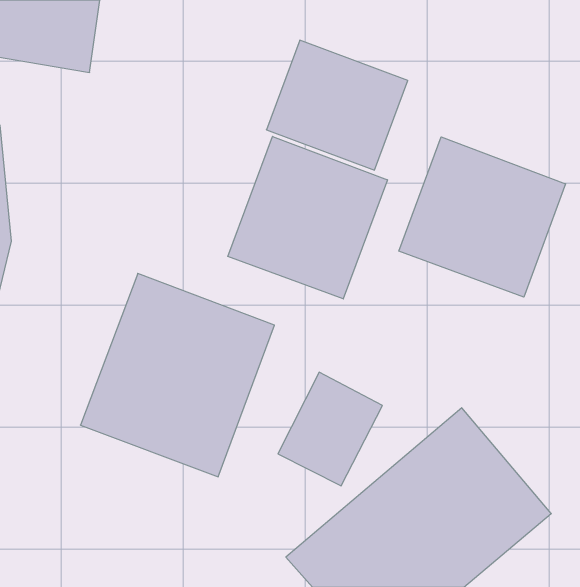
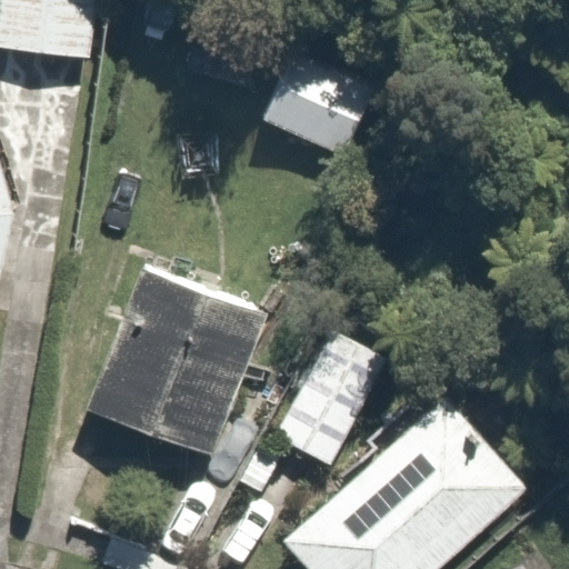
building: [228,136,387,299] -> none
building: [399,137,566,297] -> none

